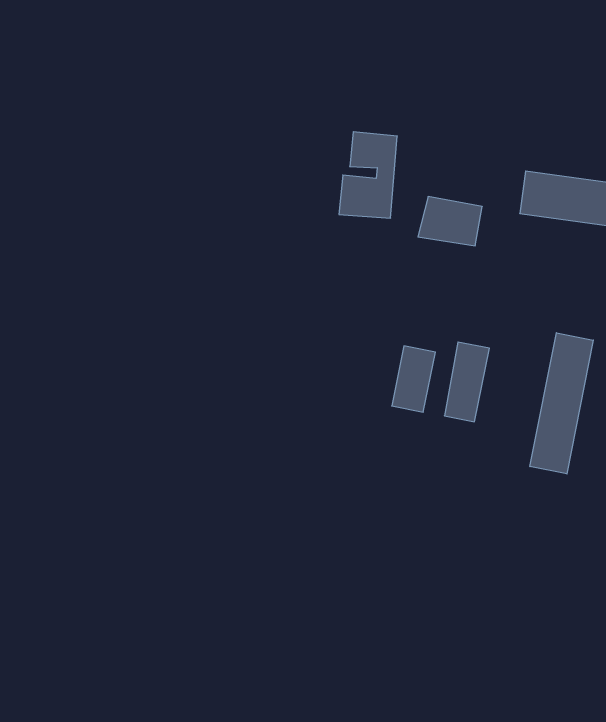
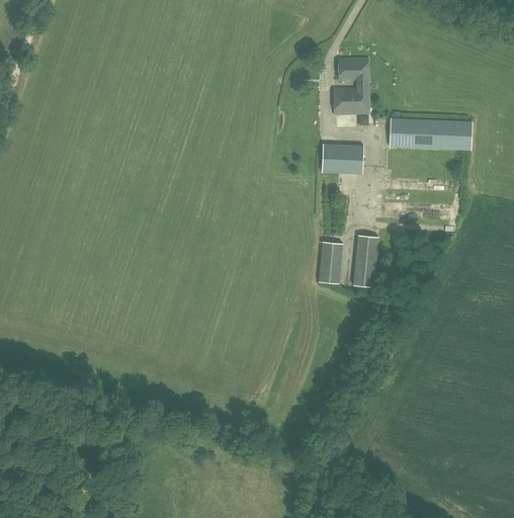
building: [339,132,397,218] -> [333,59,367,114]
building: [530,333,593,474] -> none

